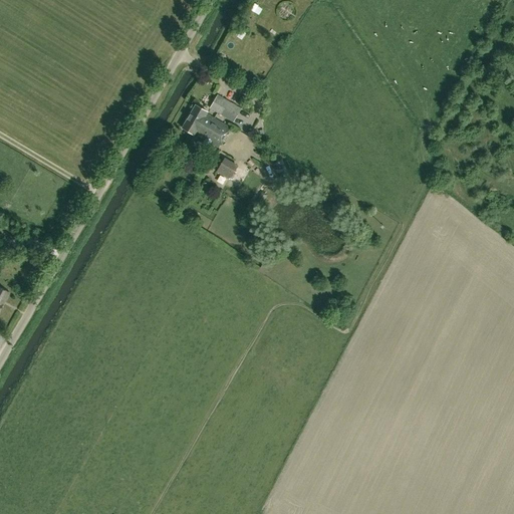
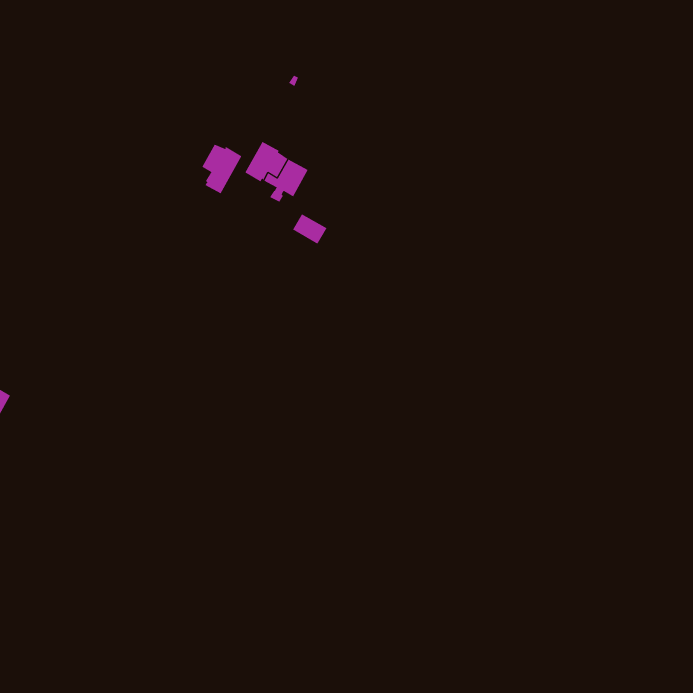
building: [209,94,240,121] -> none
building: none -> [201,144,242,194]

